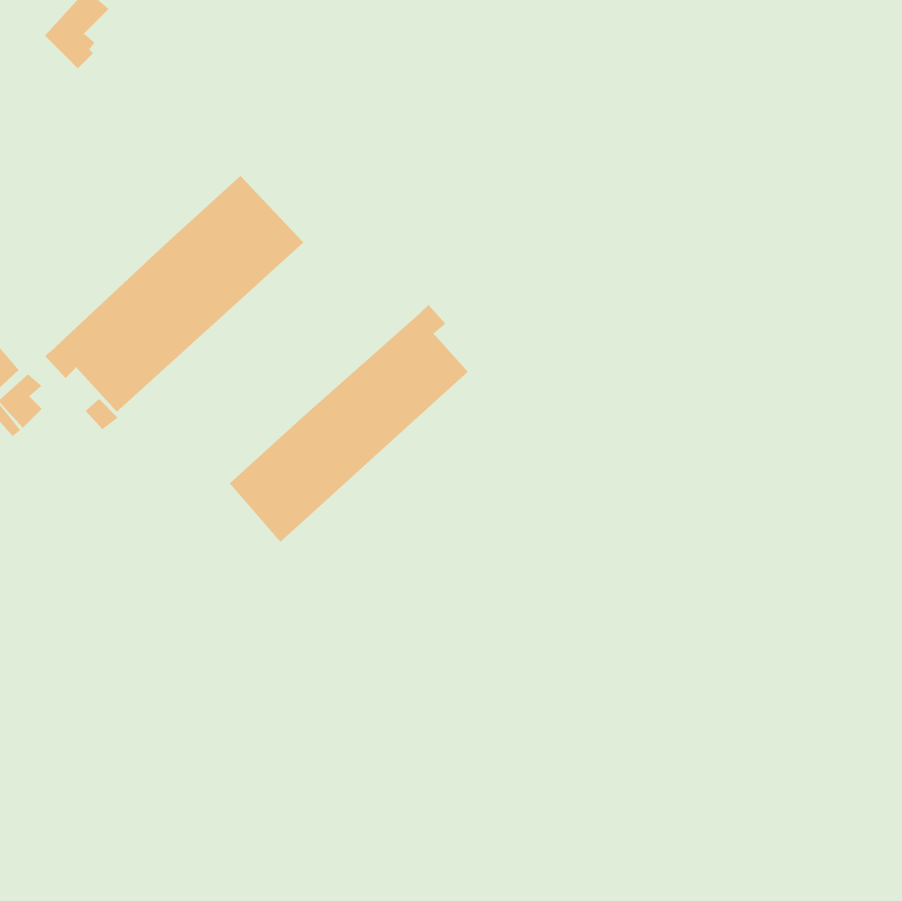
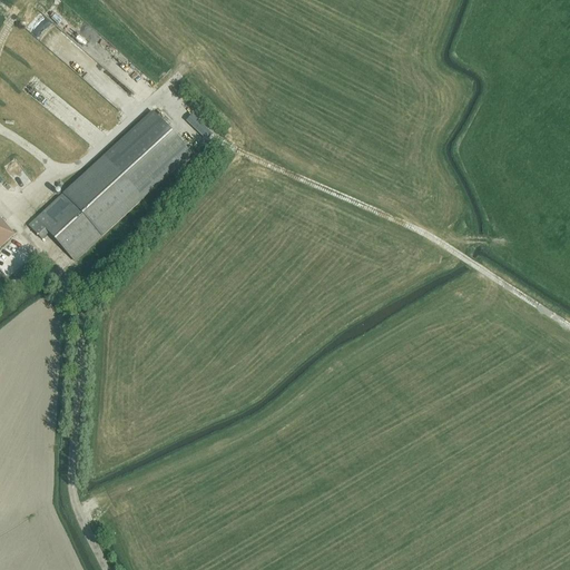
building: [229,304,468,543] -> none

